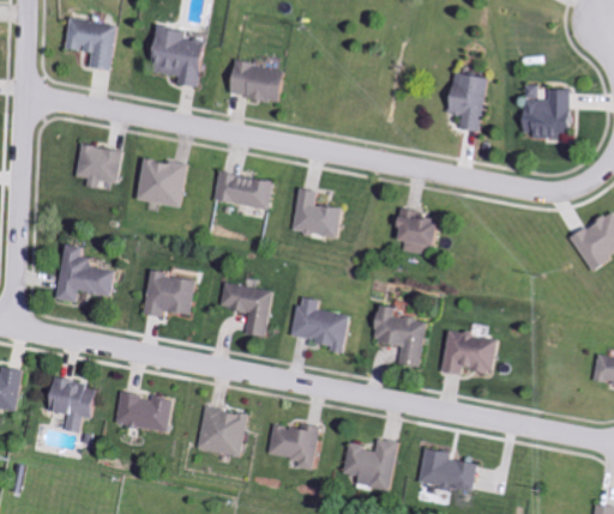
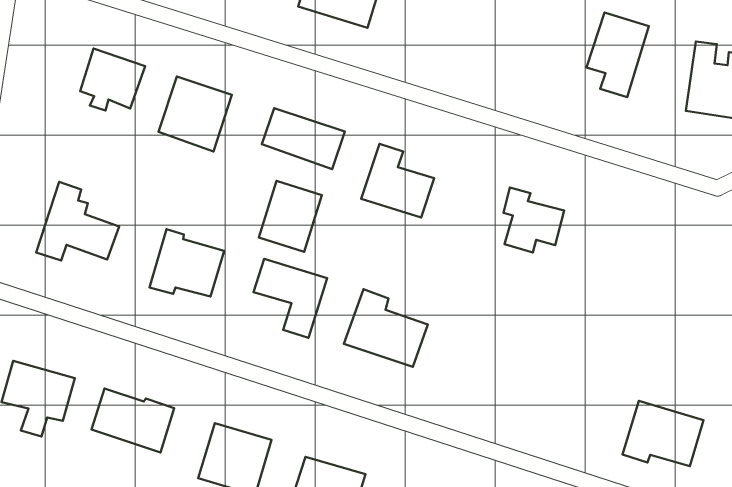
building: none -> [259,181,322,252]
building: [374,304,428,368] -> none
building: [444,331,500,375] -> [622,401,703,466]

